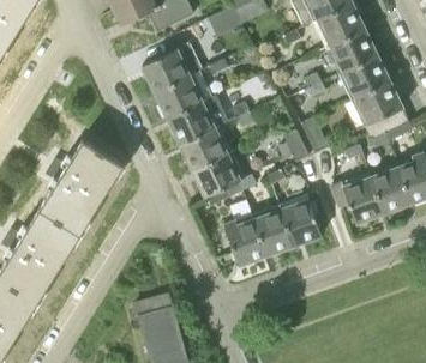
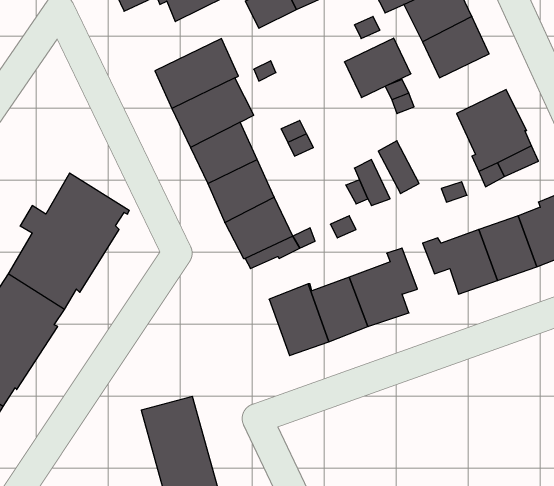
building: [343,53,390,95] -> [344,38,411,98]

